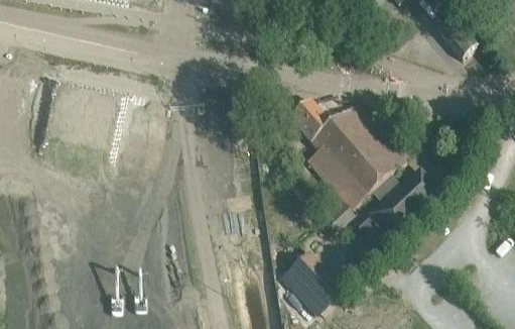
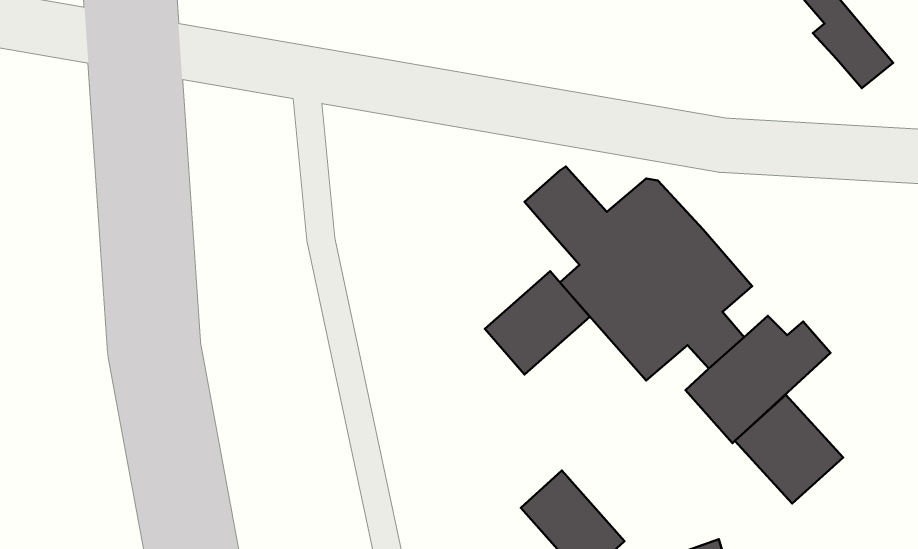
building: none -> [485,271,590,374]
building: none -> [735,395,843,504]

